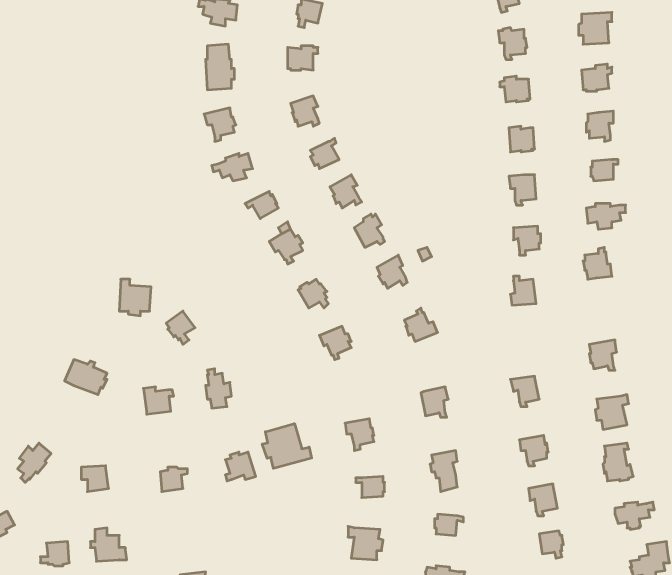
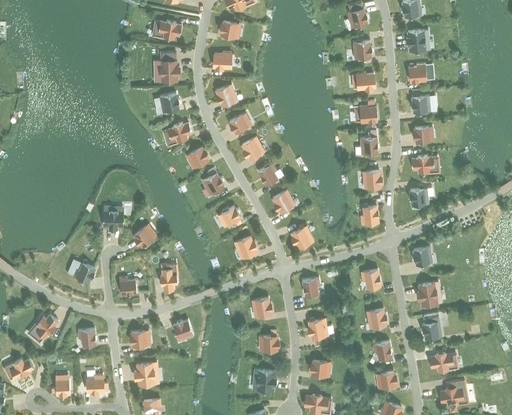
building: [262,424,312,468] -> none
building: none -> [135,363,157,384]

